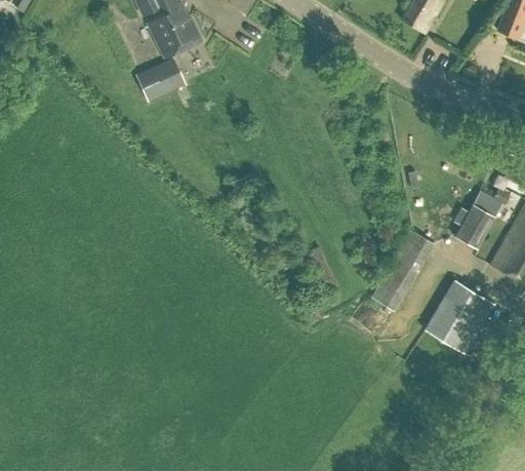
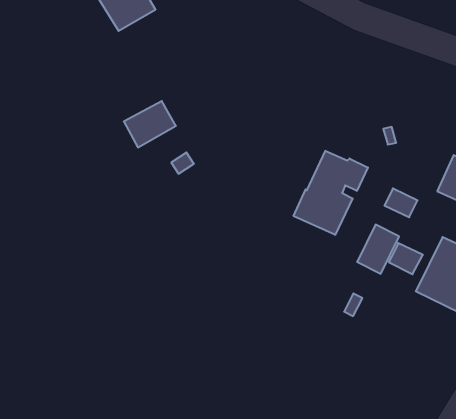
building: [136,58,186,101] -> [124,101,176,147]
building: none -> [294,151,368,235]
building: [392,245,425,276] -> [389,243,423,274]

